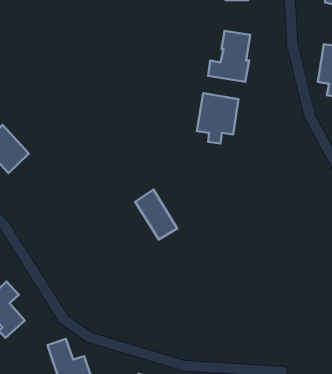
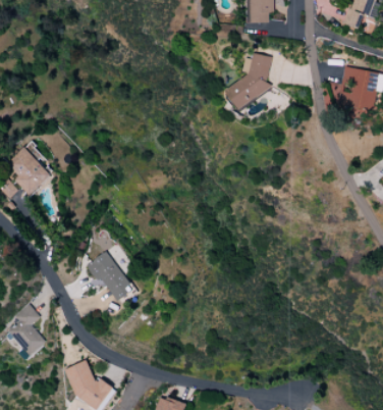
building: [197,93,239,144] -> none
building: [135,189,177,240] -> [90,251,131,301]

